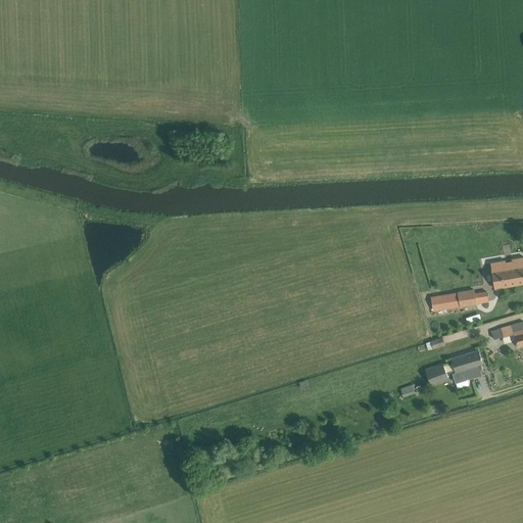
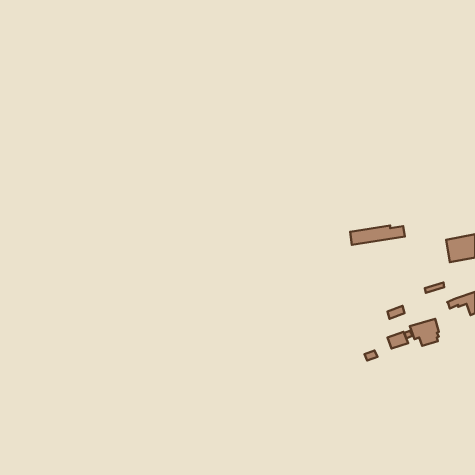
building: [431,289,491,311] -> [350,225,405,245]

